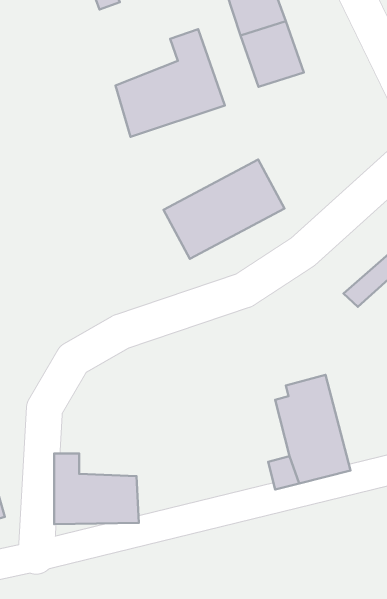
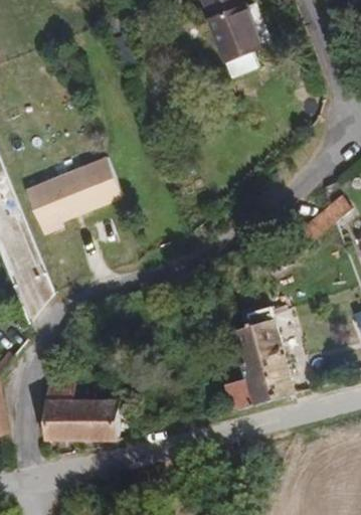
building: [115,29,225,137] -> none
building: [164,160,284,259] -> [28,141,130,224]

